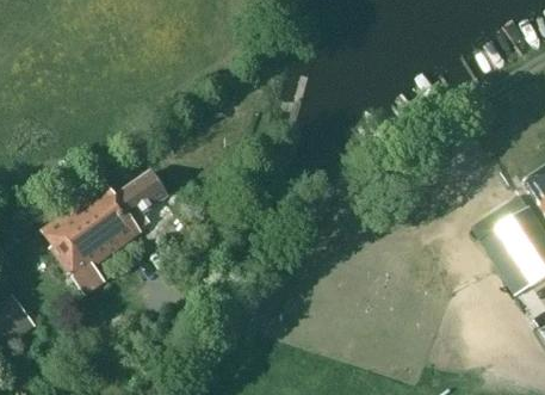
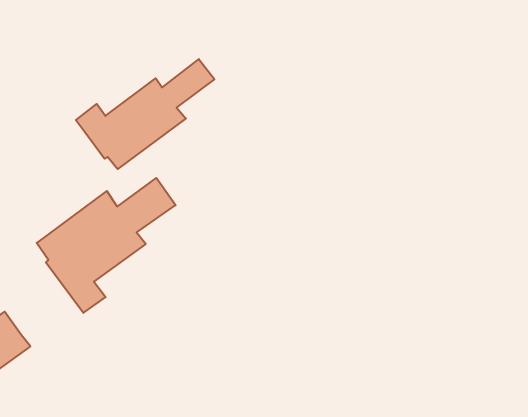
building: none -> [76,59,214,169]

